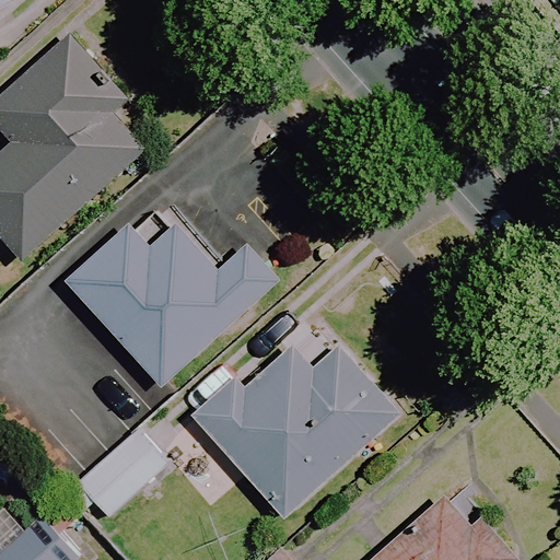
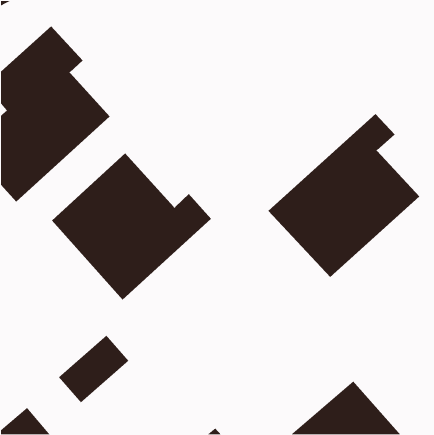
building: none -> [268,113,420,278]
building: [196,345,399,521] -> none

